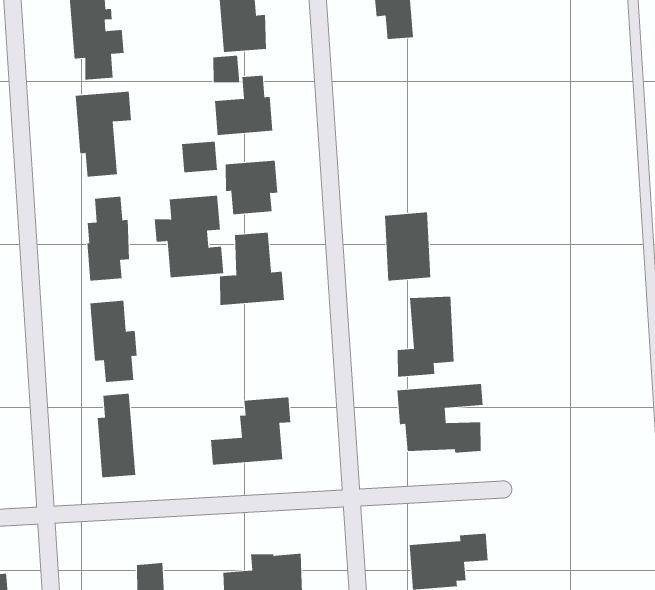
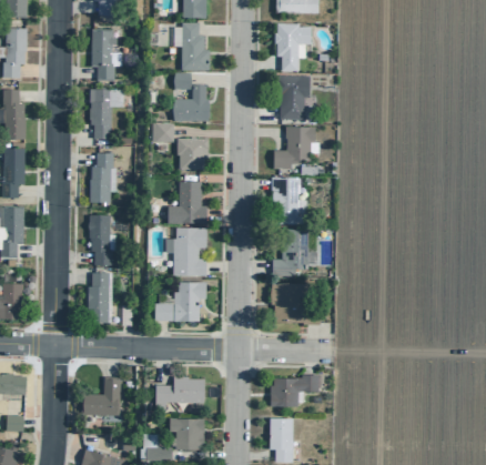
building: none -> [281,77,310,119]
building: none -> [273,127,315,169]
building: [154,195,224,278] -> [166,228,206,275]

